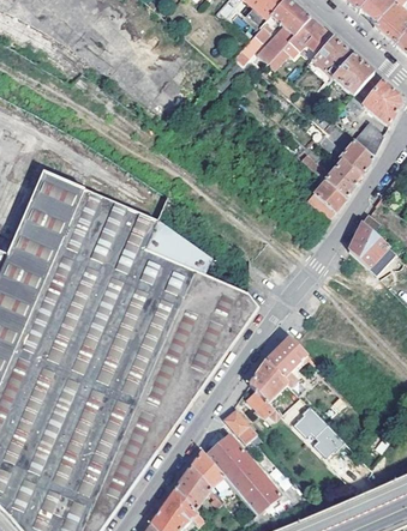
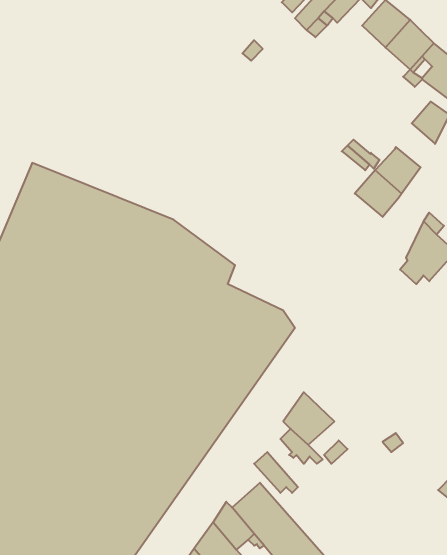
building: [322,133,373,175] -> none
building: [265,336,311,387] -> none
building: [293,404,343,454] -> none

